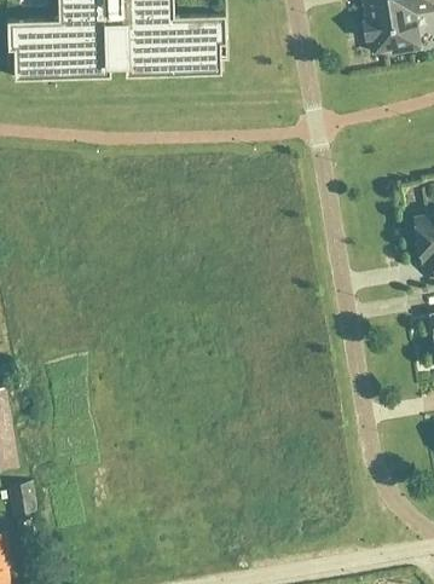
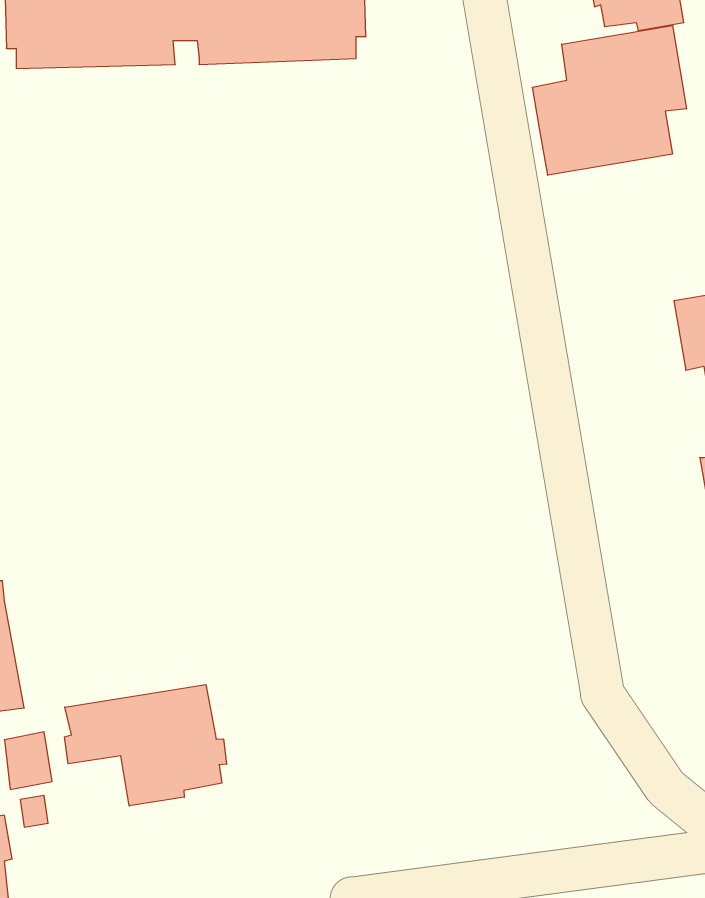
building: none -> [532,25,686,175]
building: none -> [65,685,227,806]

